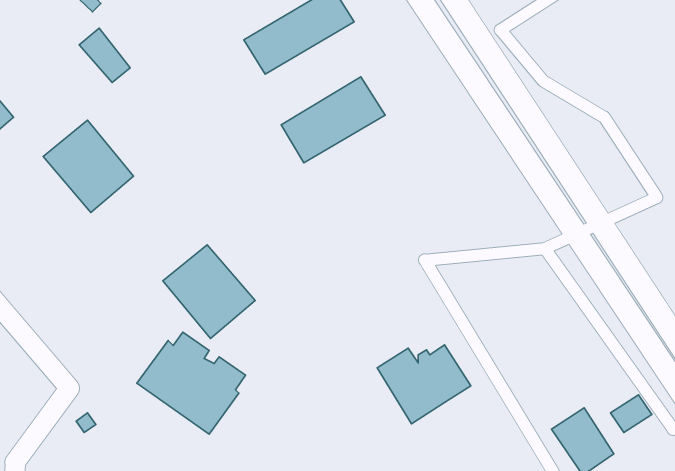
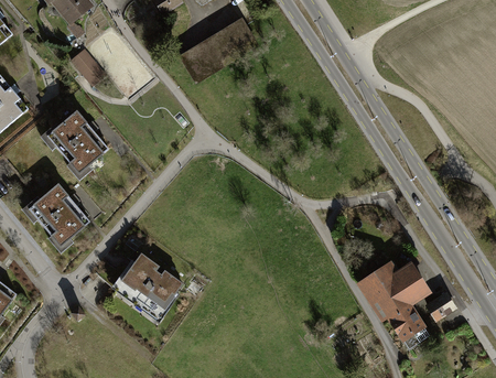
building: [281,77,385,163] -> none
building: [163,245,255,338] -> [29,183,90,246]
building: [377,345,471,424] -> [365,264,428,317]

